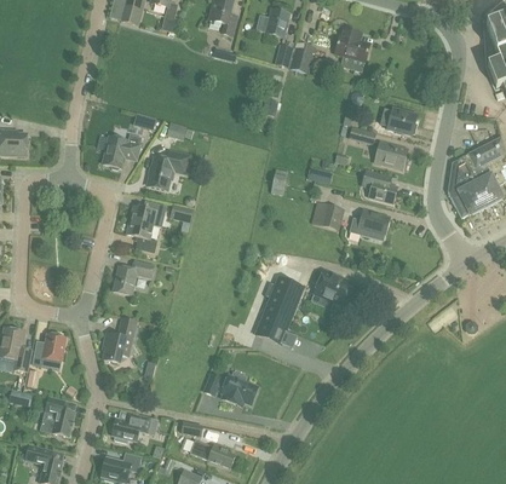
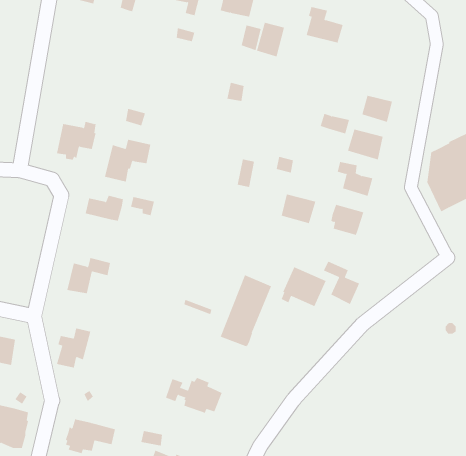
building: [126,219,156,253] -> none
building: none -> [323,261,360,305]

